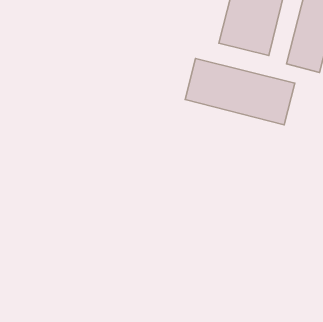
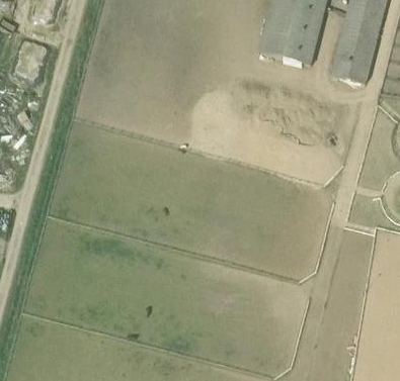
building: [185,59,295,125] -> none

